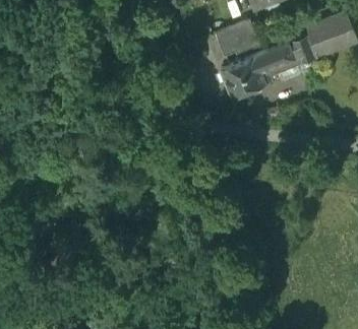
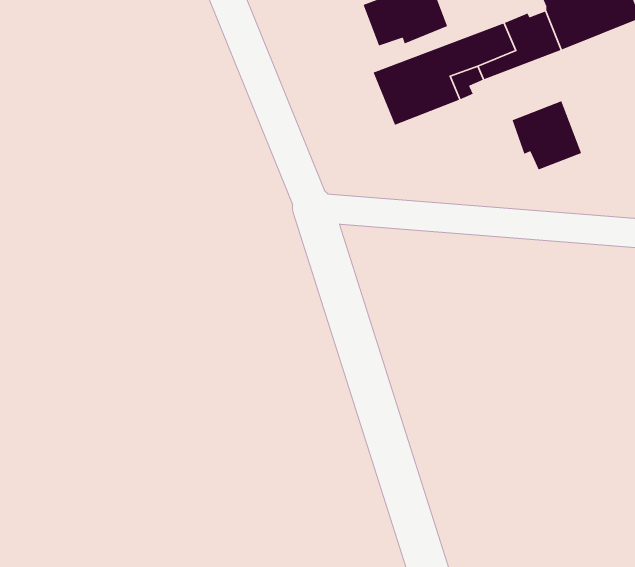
building: none -> [512,100,582,170]

